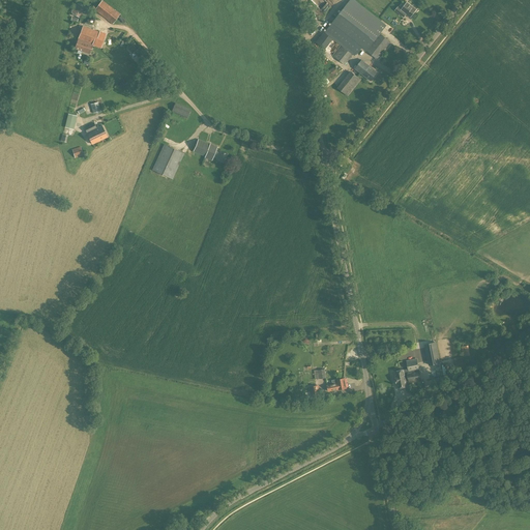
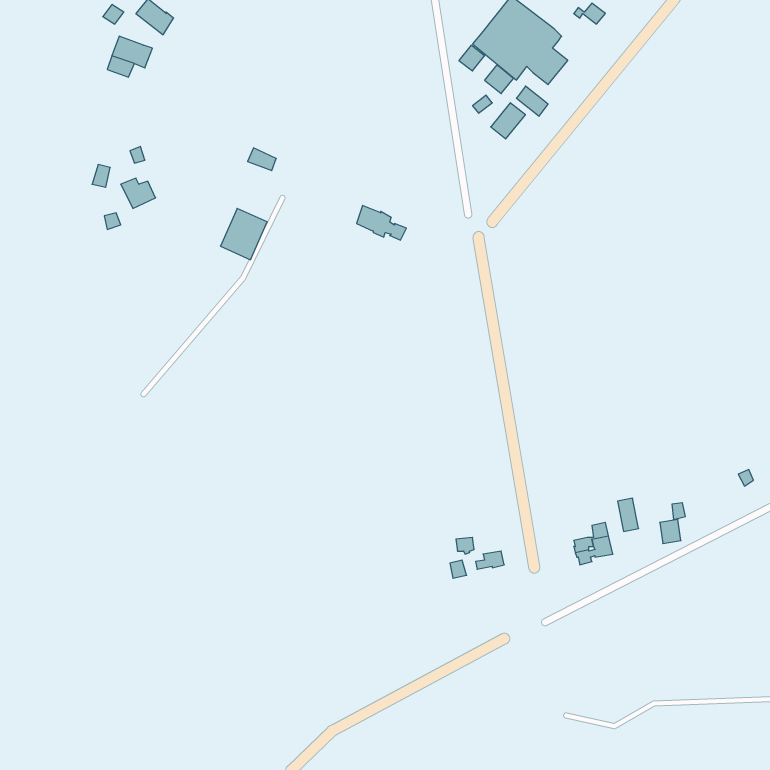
building: [193,138,227,161] -> [357,205,406,240]

